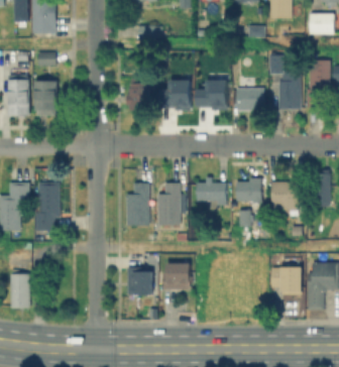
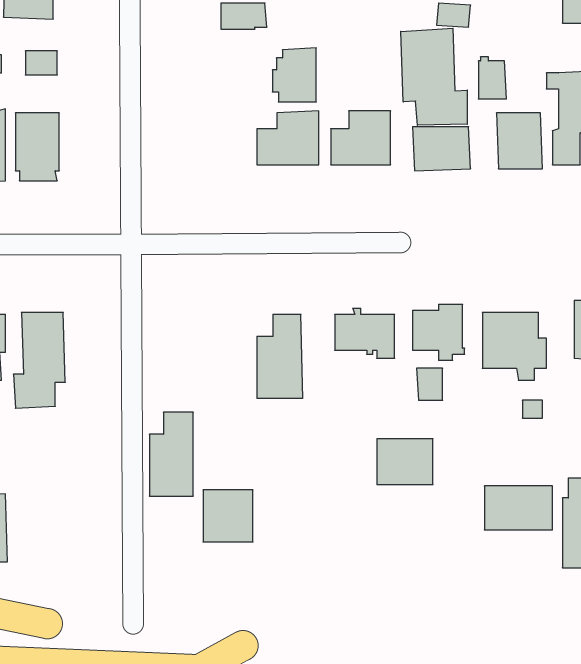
building: none -> [401,28,467,125]
building: [126,83,148,110] -> [272,48,316,102]
building: [126,182,148,225] -> [149,412,193,496]
building: [163,266,192,289] -> [377,439,433,485]

